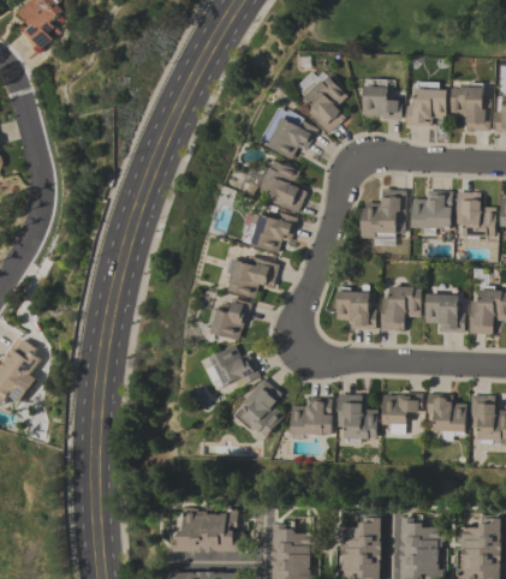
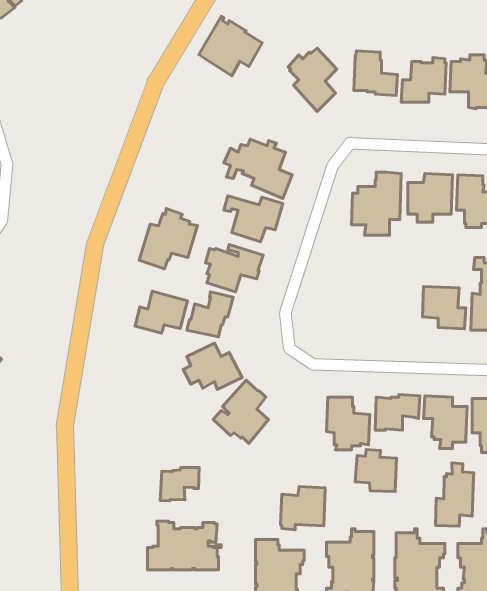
building: [260,105,317,159] -> [199,16,262,76]
building: none -> [139,208,197,269]
building: [335,285,375,329] -> none
building: [380,286,421,329] -> none
building: none -> [135,291,188,333]
building: [290,398,331,437] -> [281,486,325,530]
building: none -> [355,449,397,491]
building: none -> [435,463,474,526]
building: none -> [160,468,199,501]

